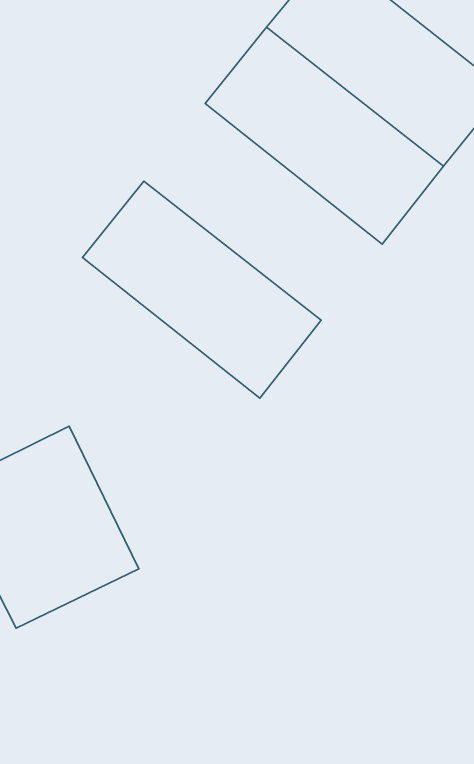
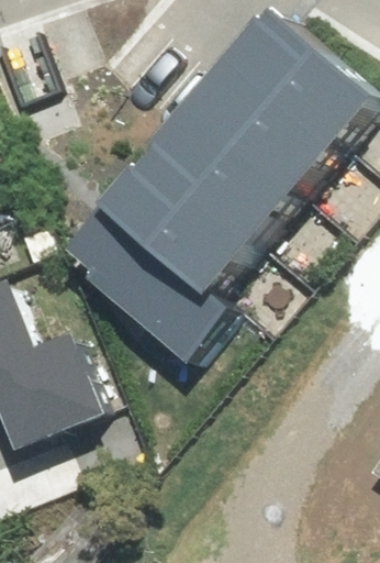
building: none -> [132,102,290,246]
building: none -> [56,205,220,363]

